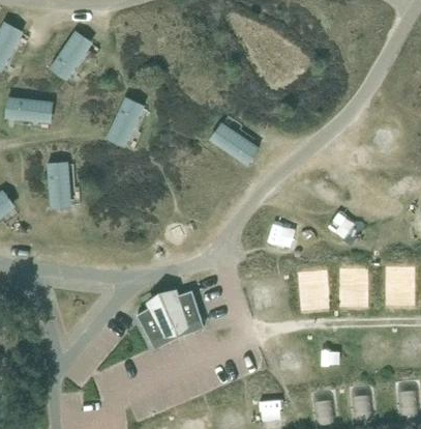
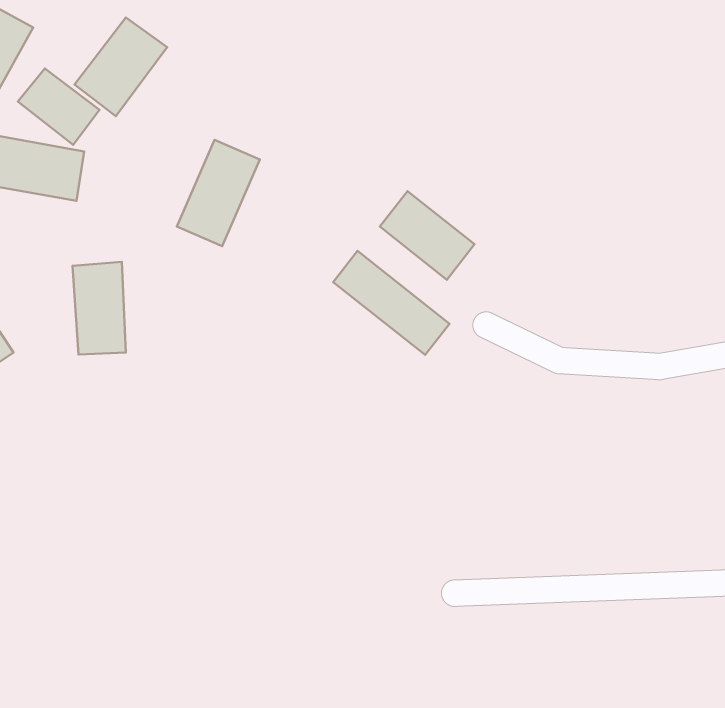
building: none -> [18,68,100,145]
building: none -> [333,251,450,355]
building: [139,292,205,349] -> none

